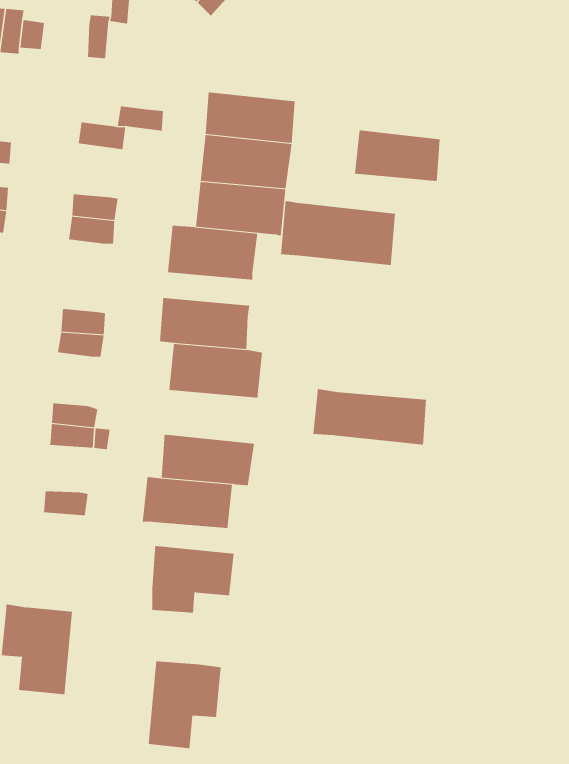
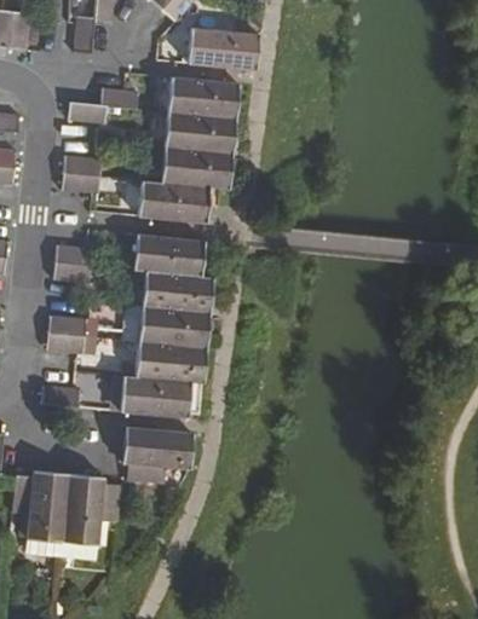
building: [354,130,440,182] -> [188,28,254,68]
building: [280,200,396,266] -> none
building: [312,389,427,445] -> [120,303,208,347]
building: [148,661,221,749] -> [59,476,116,544]

